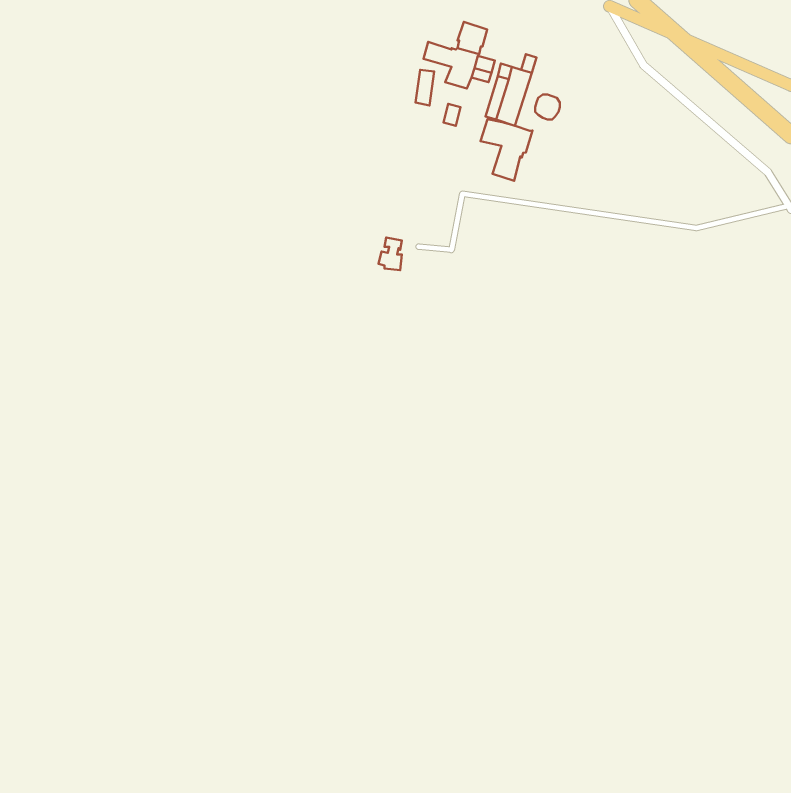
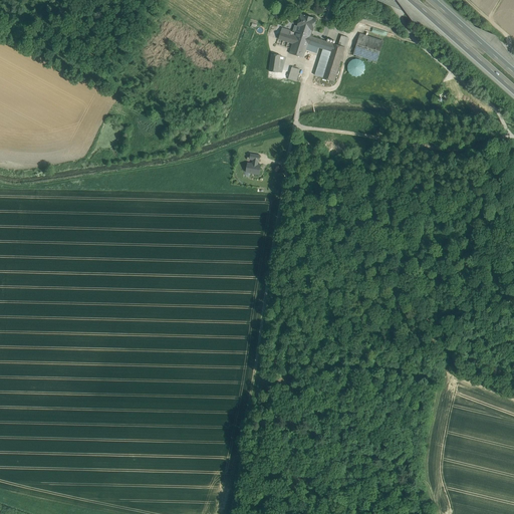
building: none -> [352,34,382,62]
building: [481,119,533,181] -> none

